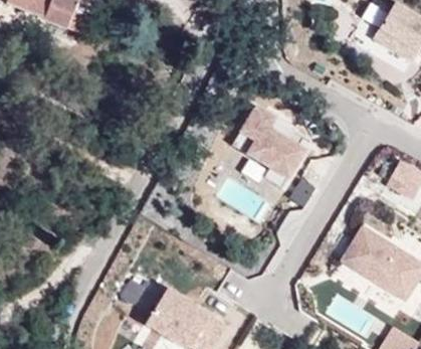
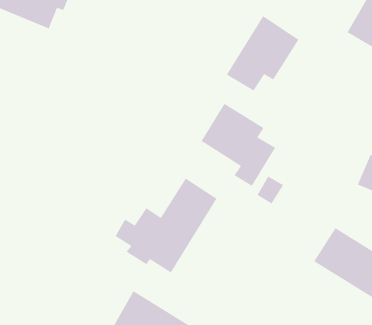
building: none -> [226,15,300,91]
building: none -> [114,177,218,273]

